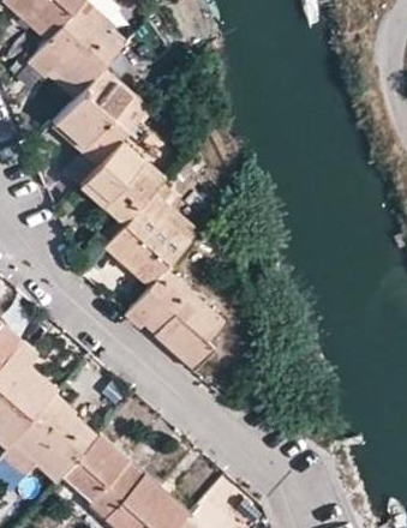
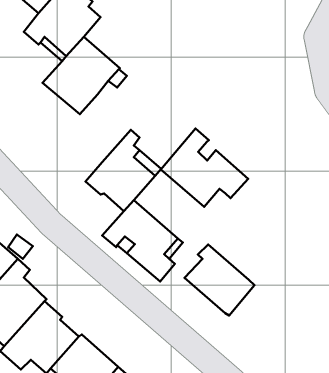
building: [80,140,164,223] -> none
building: none -> [161,129,248,207]
building: none -> [185,245,255,315]

